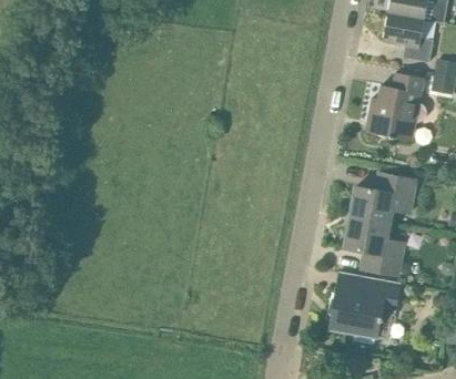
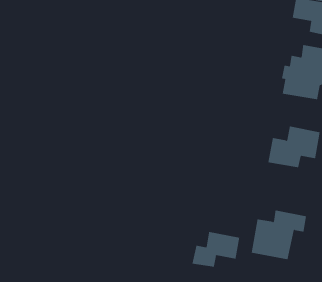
building: [345,218,406,277] -> none
building: none -> [192,231,240,268]

